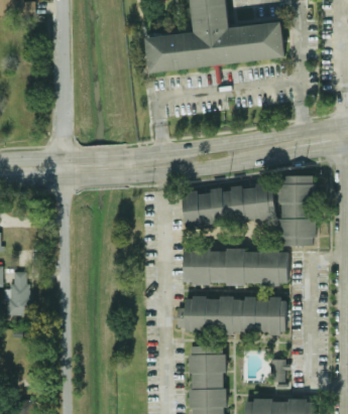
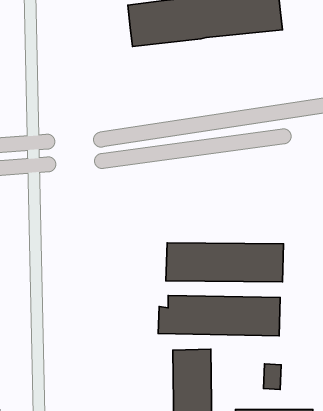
building: [279,175,314,246] -> none
building: [182,182,275,228] -> none

